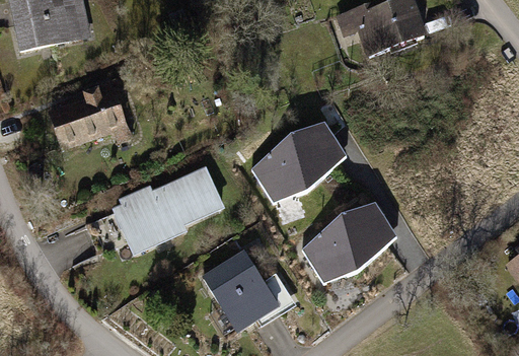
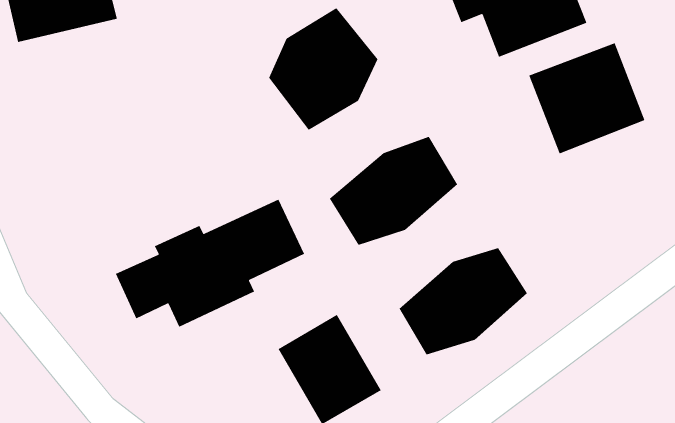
building: none -> [268,7,378,131]
building: none -> [528,42,645,155]
building: [48,77,128,150] -> none

